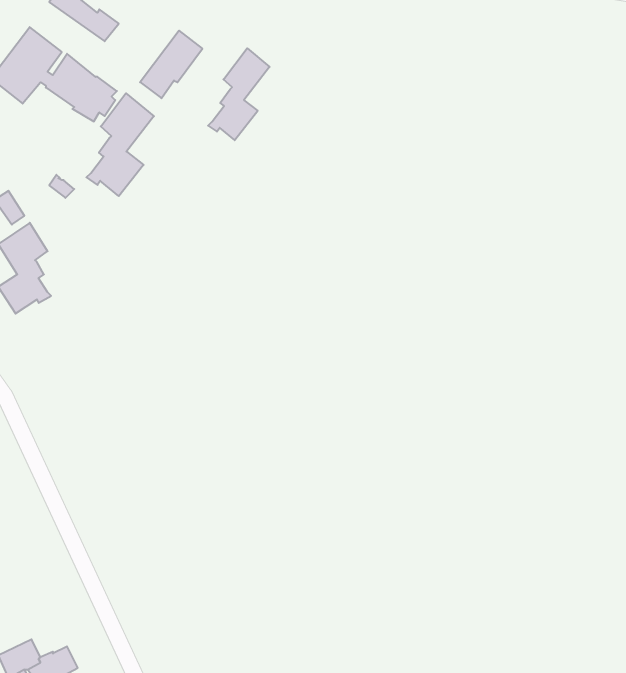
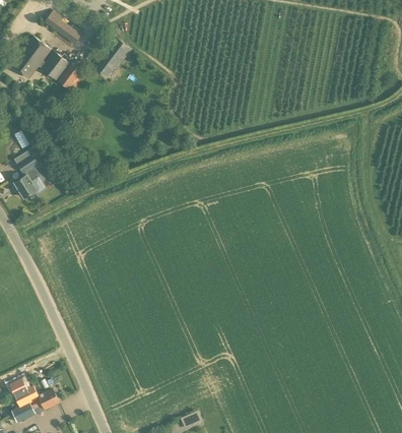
building: [208,48,270,140] -> none
building: [86,93,154,196] -> none

